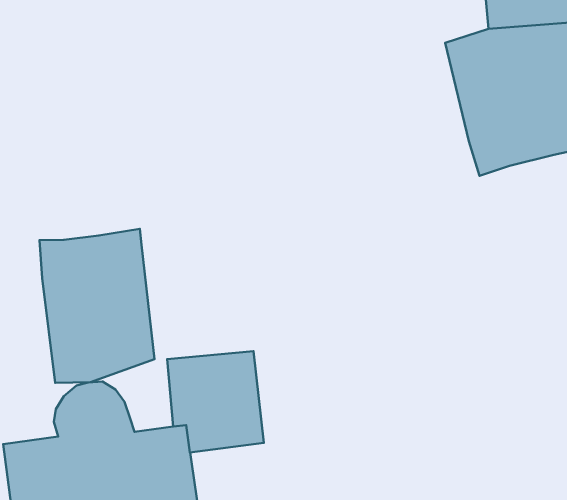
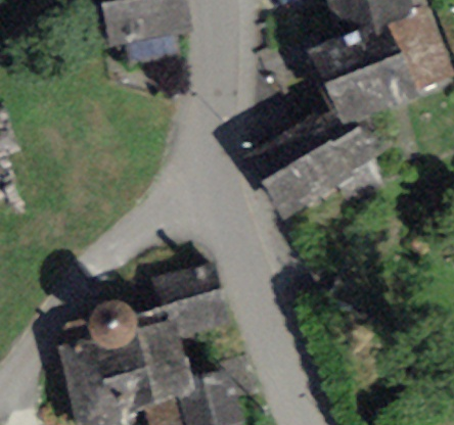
building: none -> [249,110,383,222]
building: [39,229,154,383] -> none

